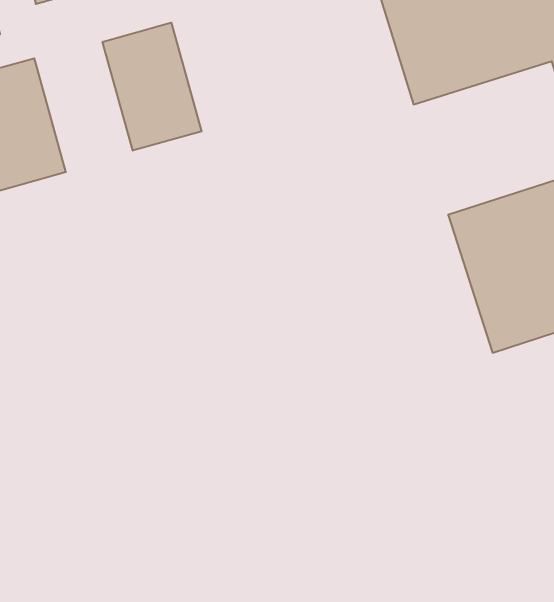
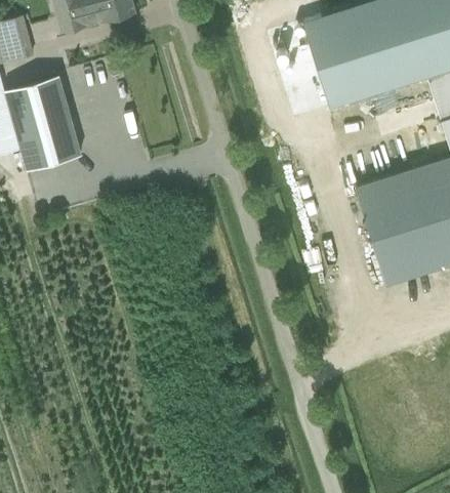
building: [103,23,202,151] -> none

